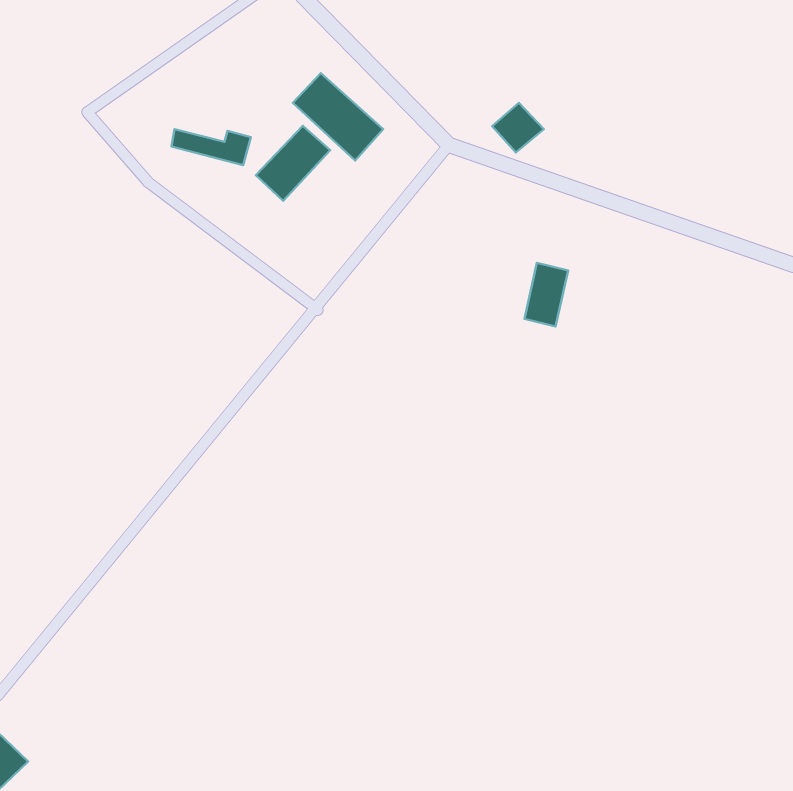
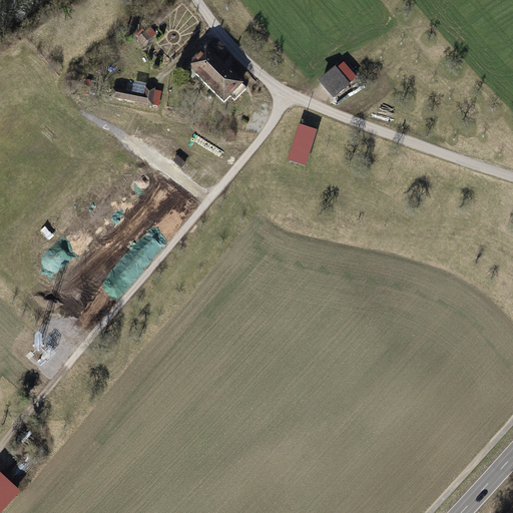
building: [256,126,330,201] -> none
building: [524,263,568,327] -> [291,123,319,164]

